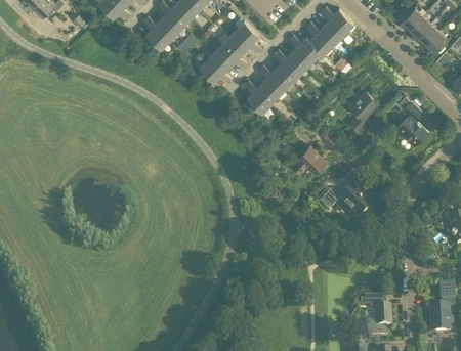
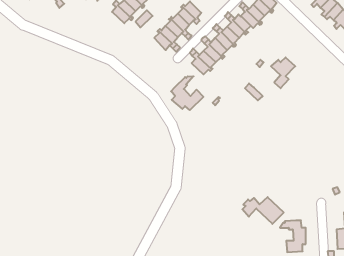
building: [395,94,428,144] -> none
building: none -> [171,76,203,110]
building: [293,143,330,171] -> none
building: [321,185,373,219] -> [242,197,284,224]

